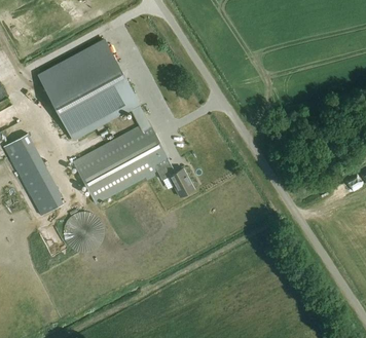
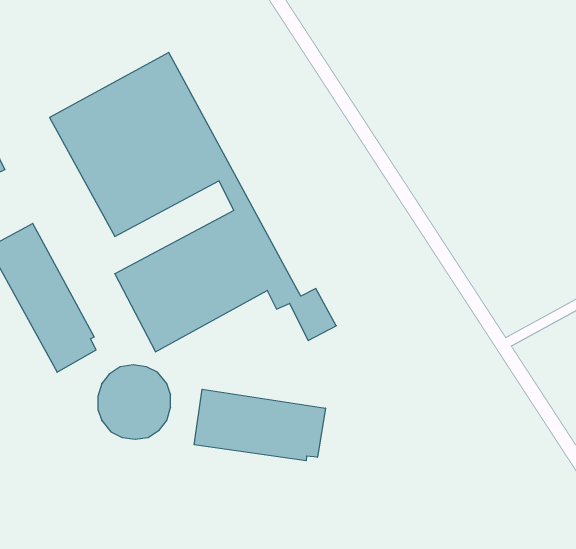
building: none -> [194,389,325,461]

